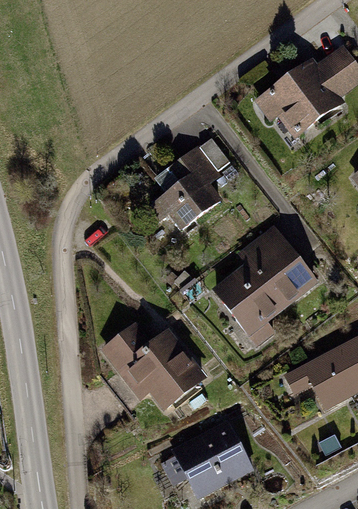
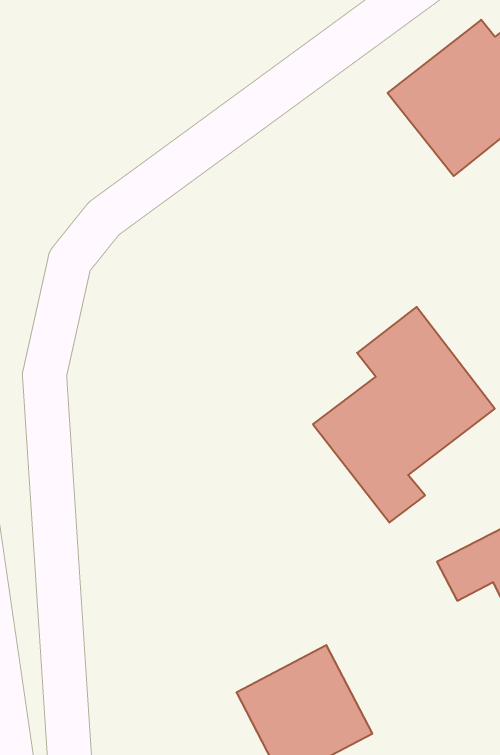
building: [149,144,234,231] -> none
building: [104,319,207,407] -> none

